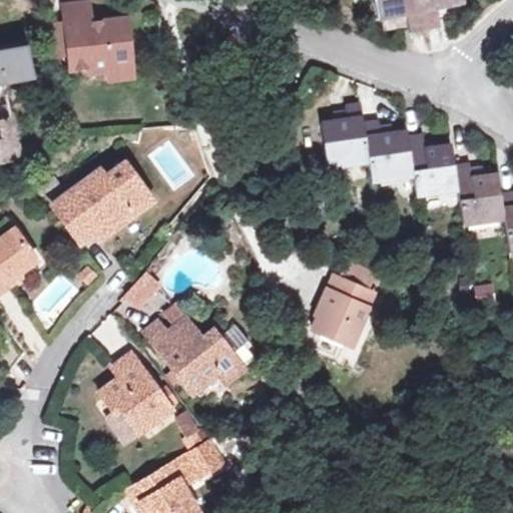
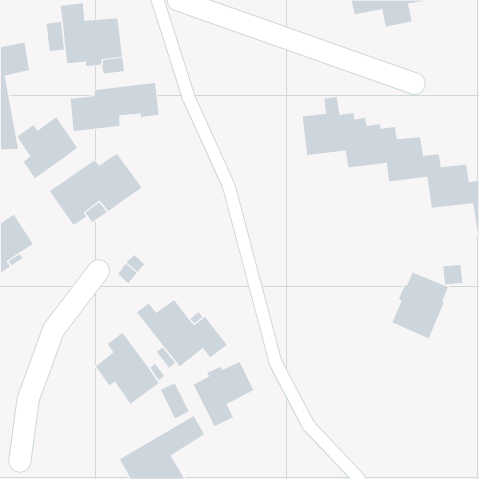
building: none -> [70,82,159,132]
building: none -> [16,116,79,179]
building: [311,276,372,348] -> [392,272,449,339]
building: none -> [193,361,254,427]

